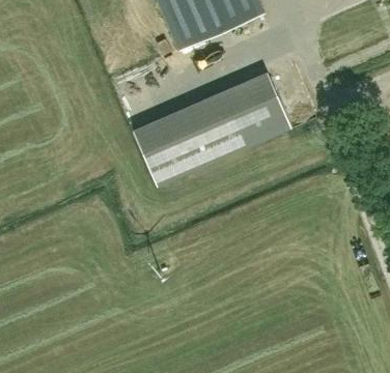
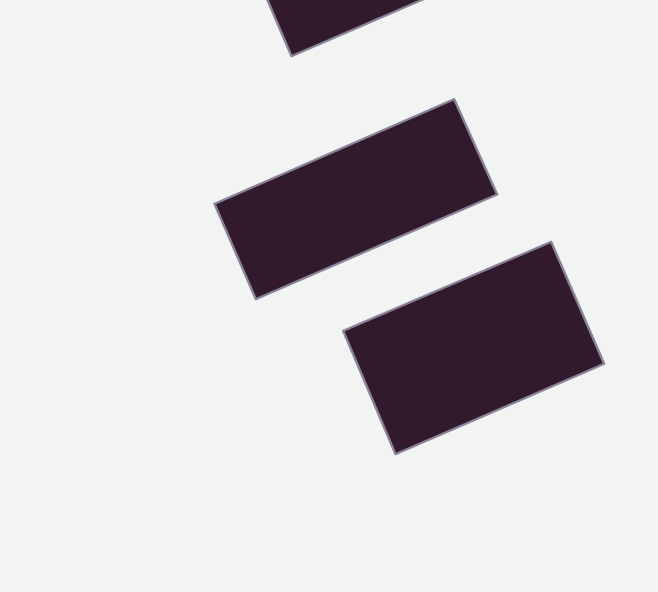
building: none -> [343,242,604,454]

